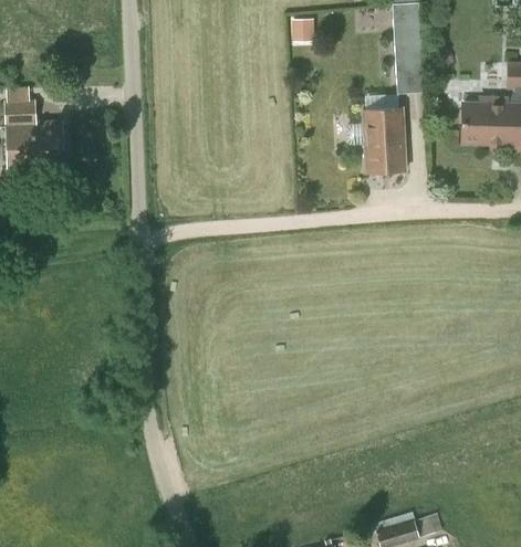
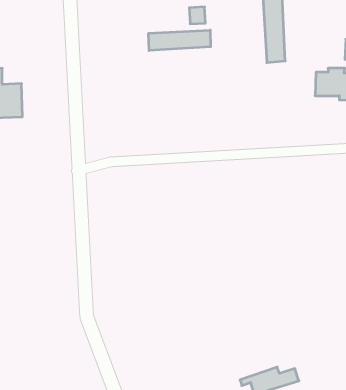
building: none -> [149,30,211,51]
building: [345,107,406,172] -> none

